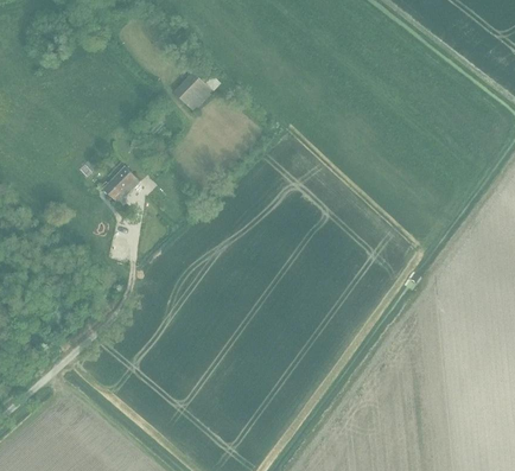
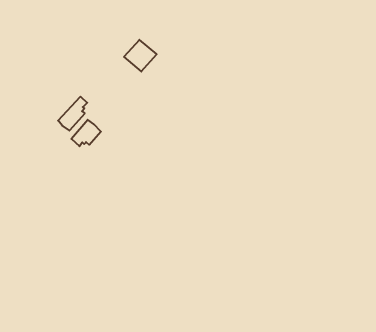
building: none -> [58,97,87,131]

